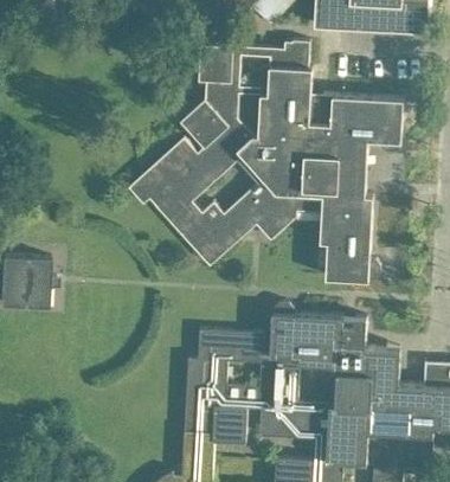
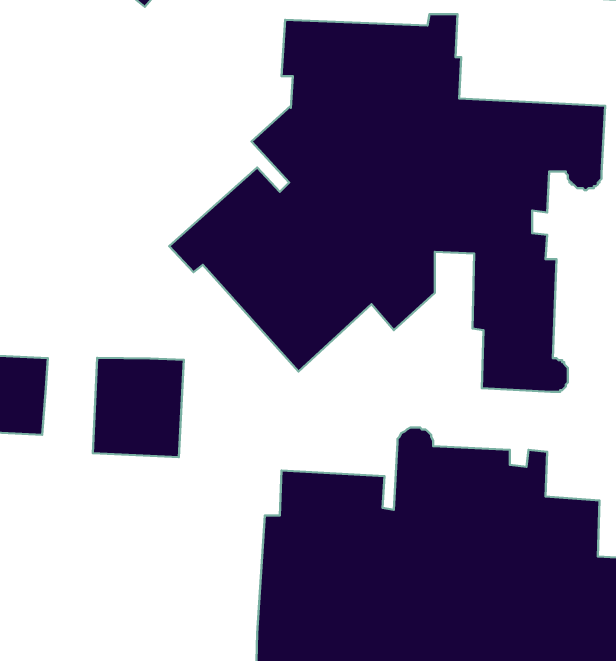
building: none -> [93,358,184,457]

